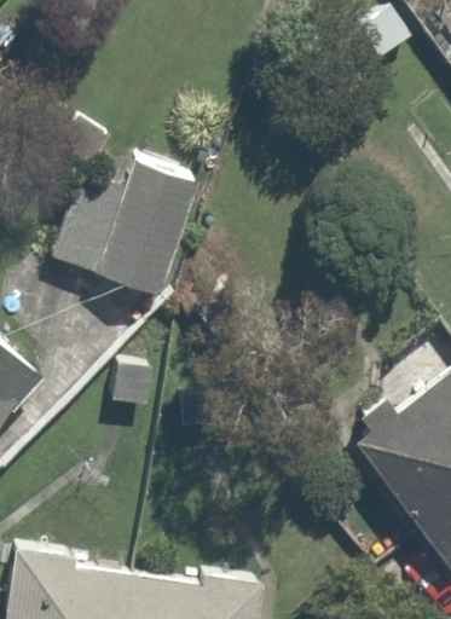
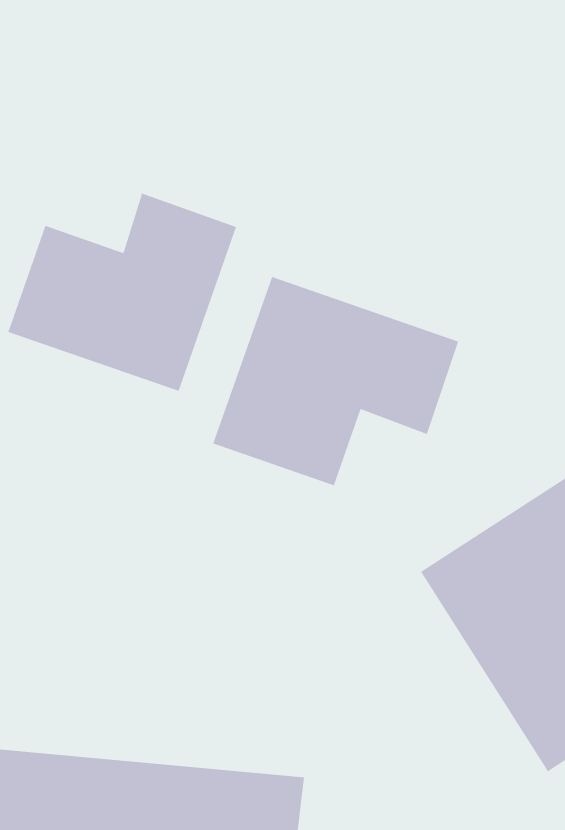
building: none -> [213,276,459,486]

